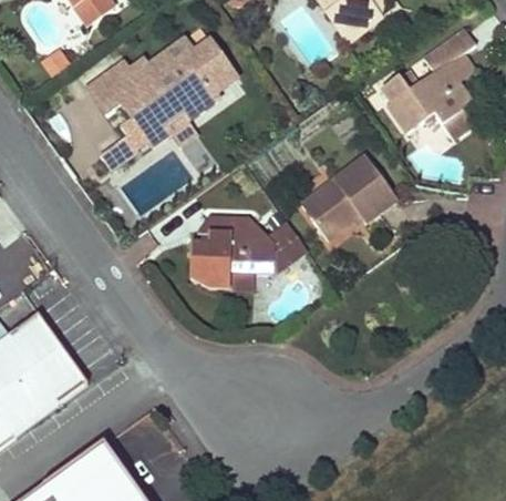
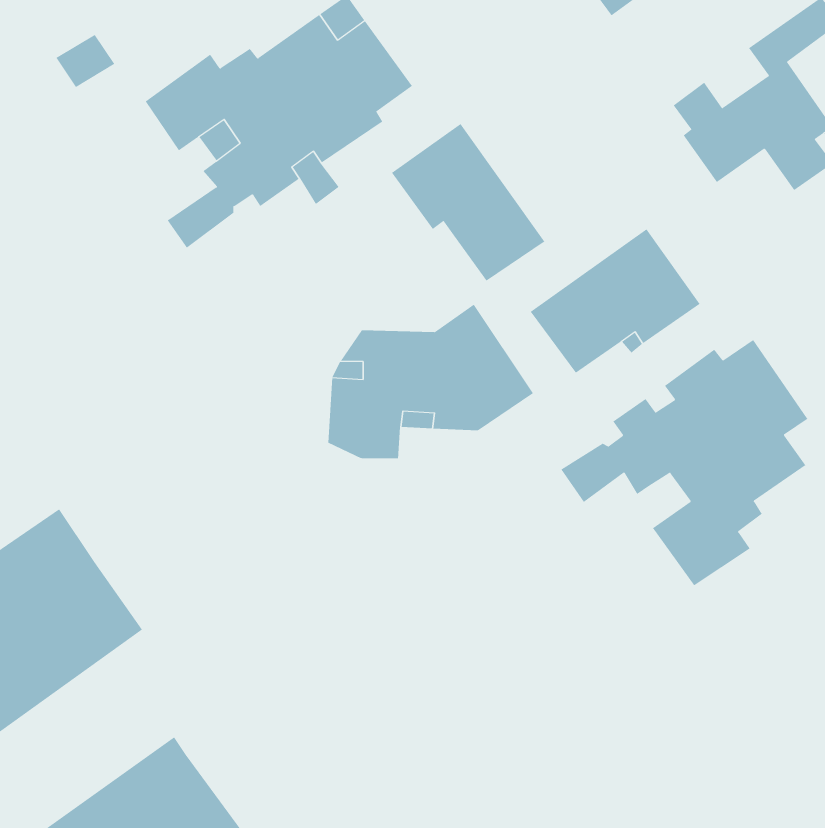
building: none -> [391,123,545,282]
building: none -> [560,339,808,586]

